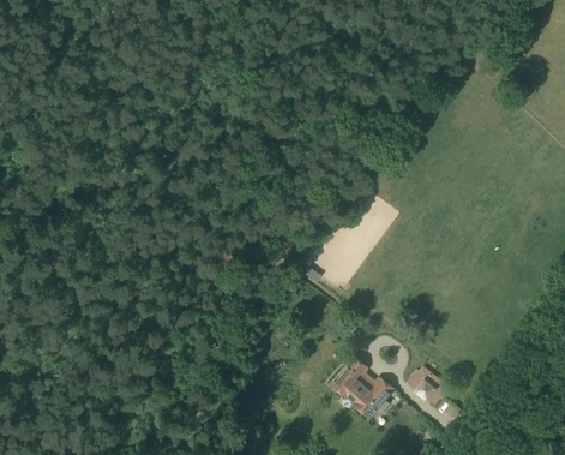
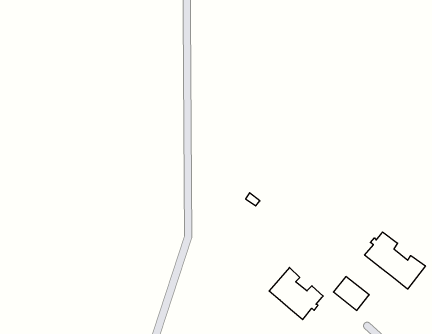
building: none -> [365,232,425,289]

